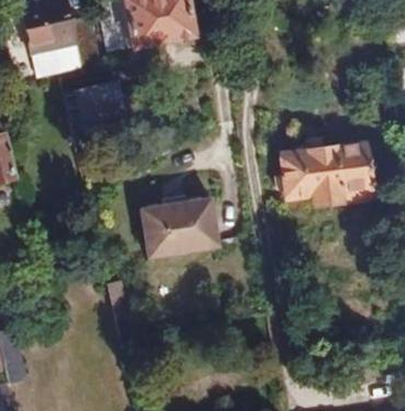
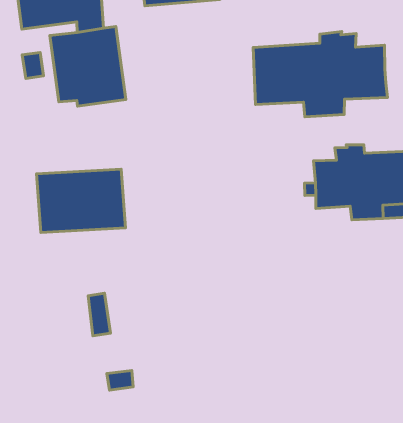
building: none -> [253,32,387,117]
building: [141,200,217,257] -> [37,169,126,233]

